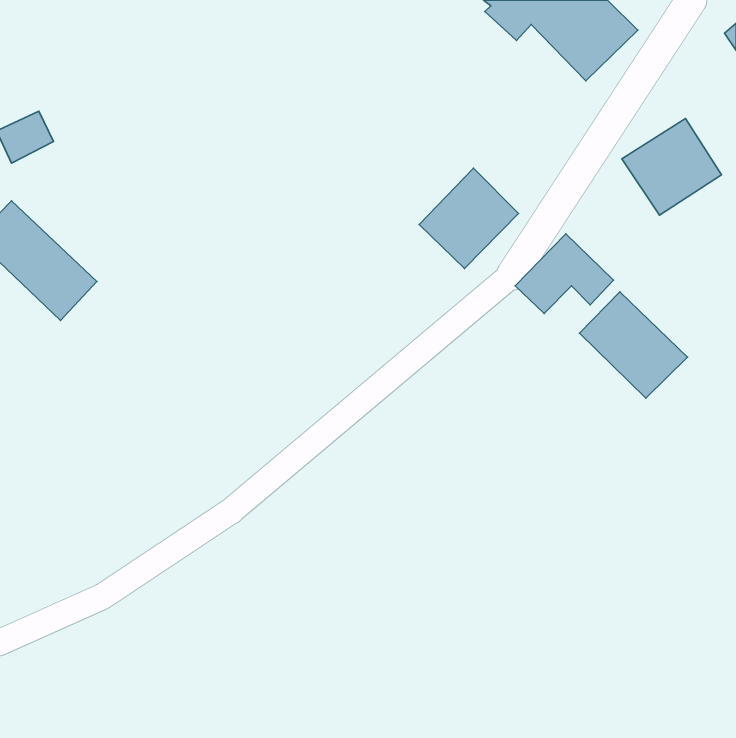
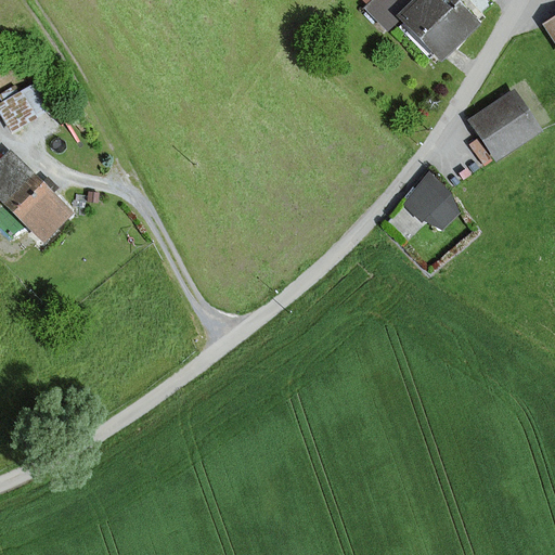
building: [419,168,518,269] -> none
building: [580,292,687,398] -> none

